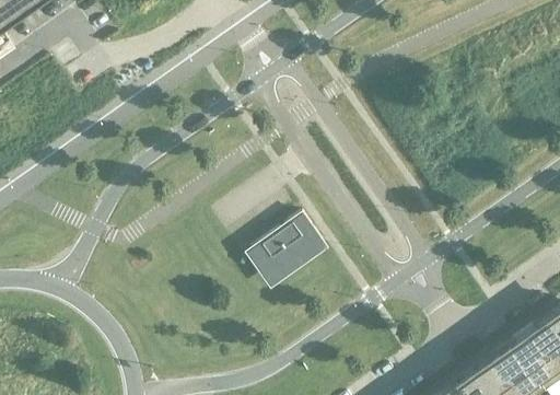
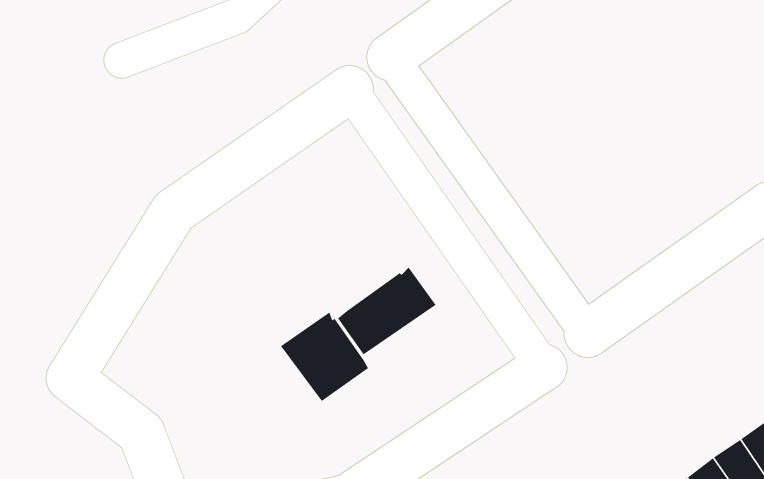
building: none -> [280,311,369,402]

